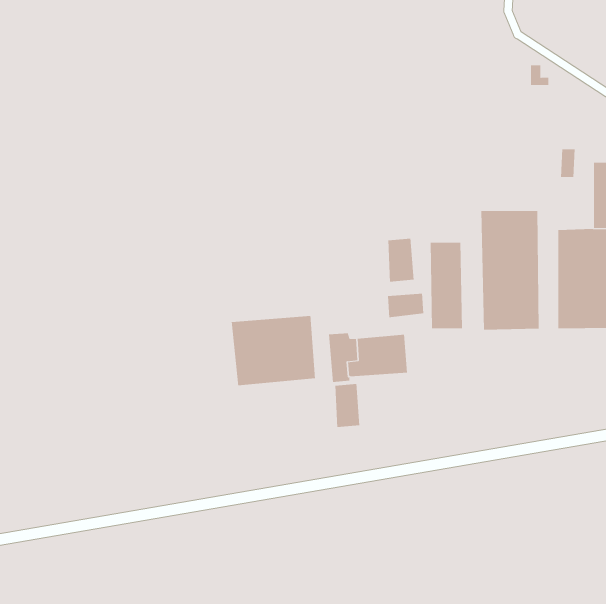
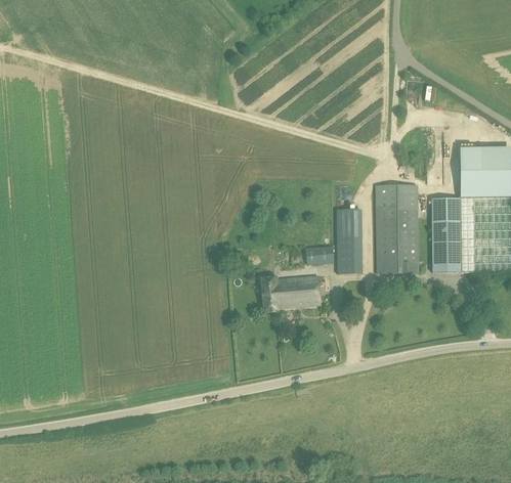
building: [388,238,414,282] -> none
building: [231,315,316,386] -> none
building: [335,383,360,428] -> none

